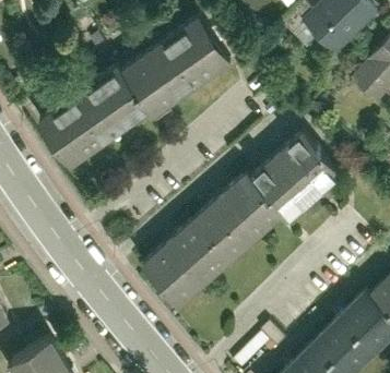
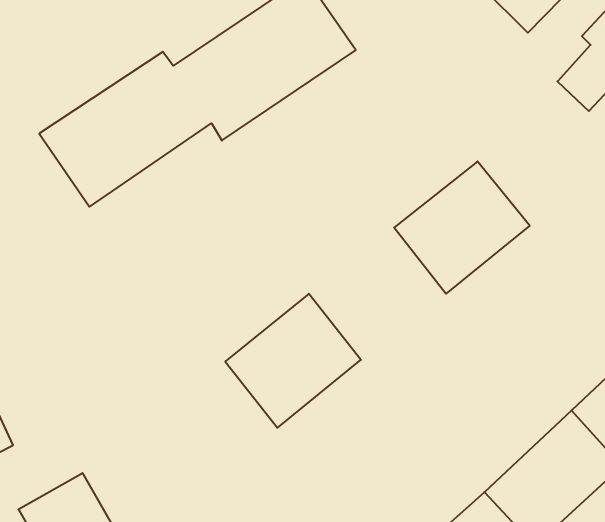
building: [198,177,284,260] -> none

